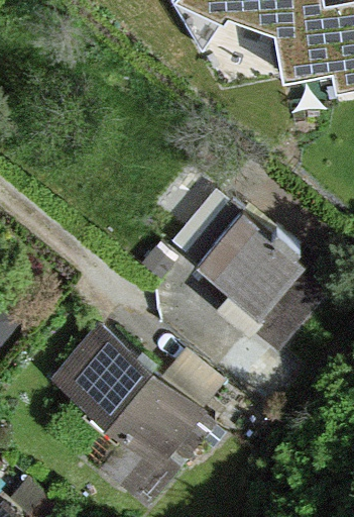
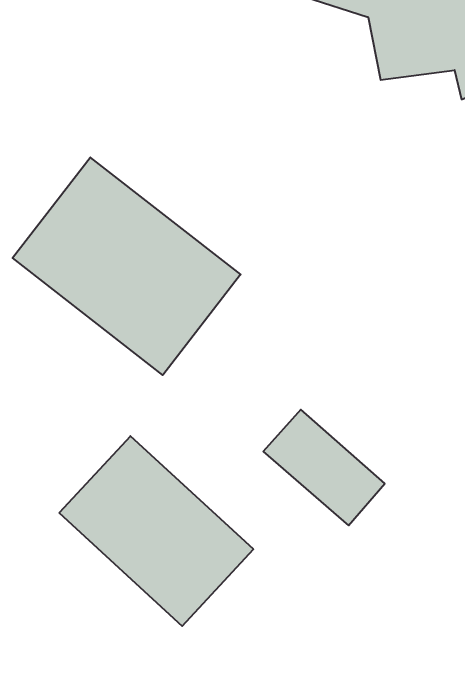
building: none -> [13,157,241,375]
building: [192,210,299,317] -> none

